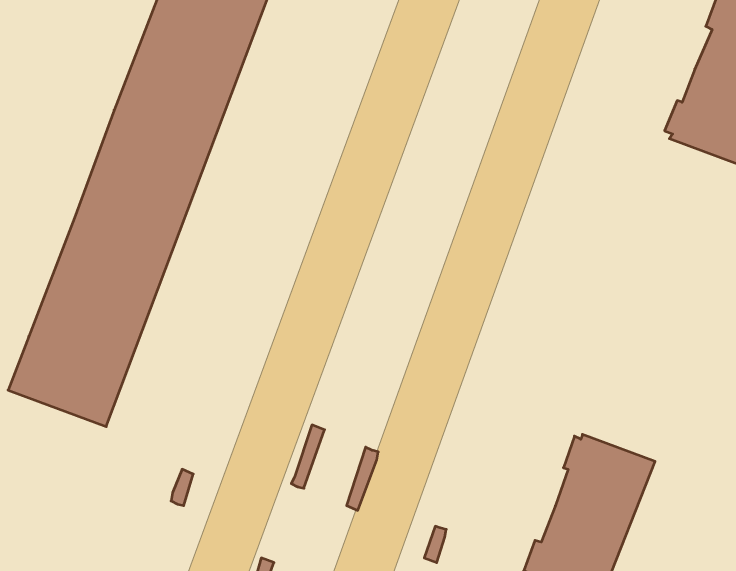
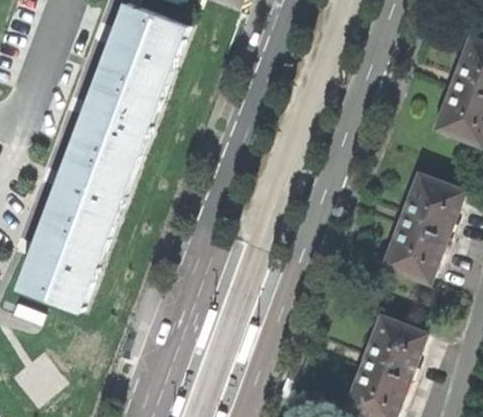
building: none -> [381,175,464,283]

